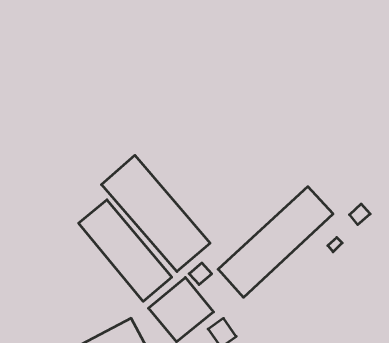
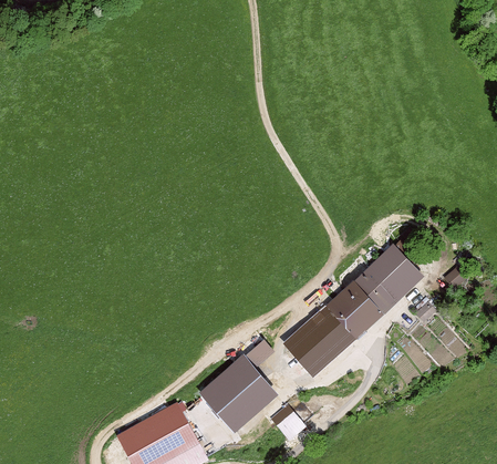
building: [101,155,210,272] -> none
building: [79,200,172,301] -> none

